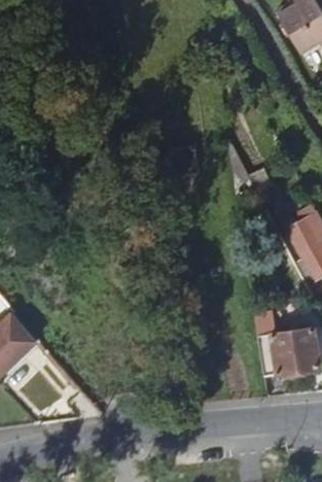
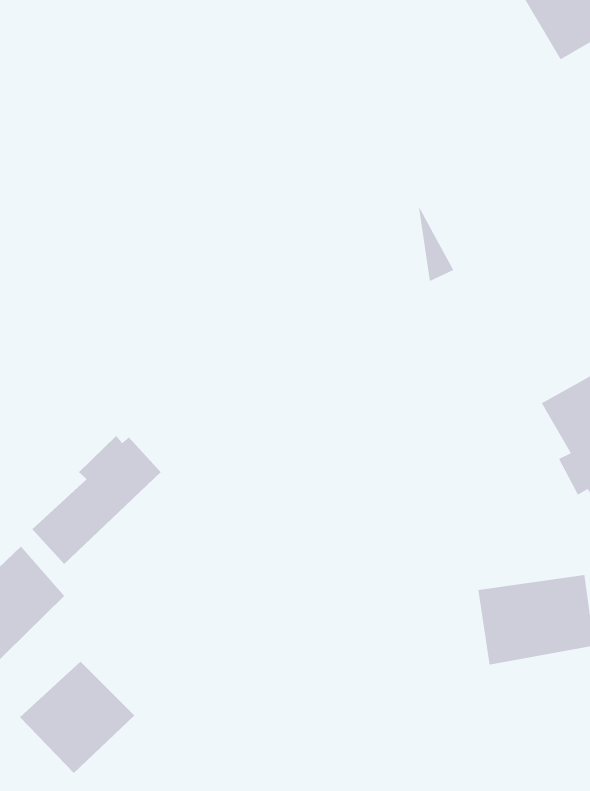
building: none -> [31,435,161,565]
building: none -> [19,661,135,774]

